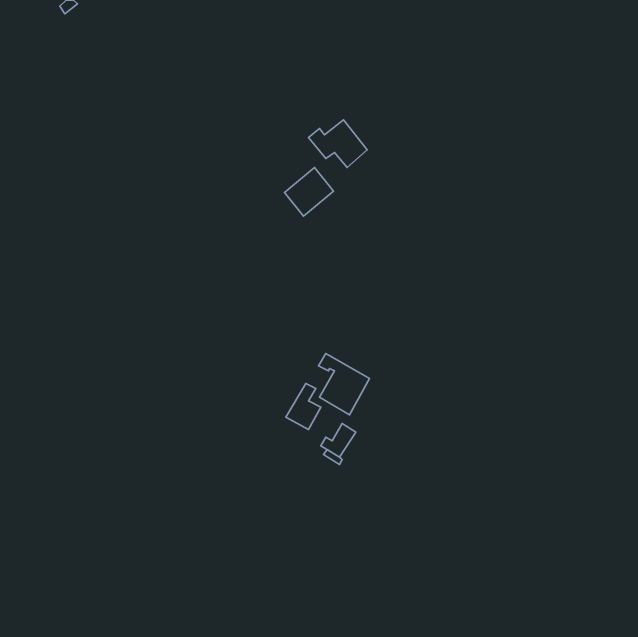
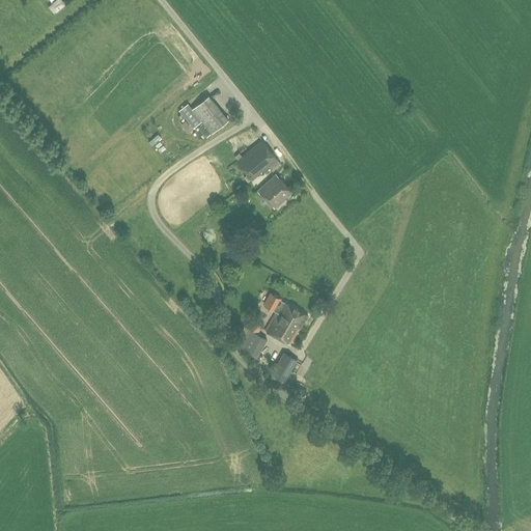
building: [308,120,367,167] -> [179,95,228,135]
building: none -> [257,174,292,208]

